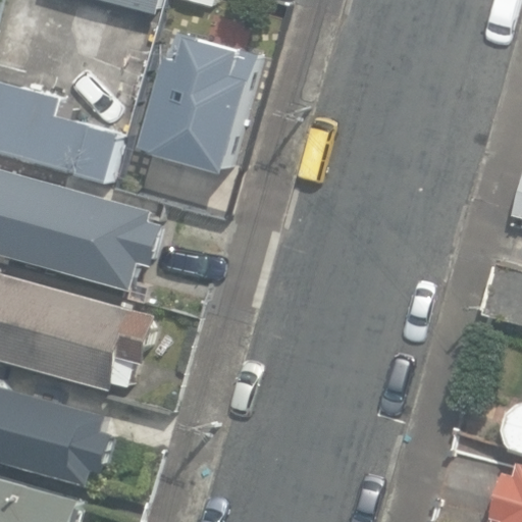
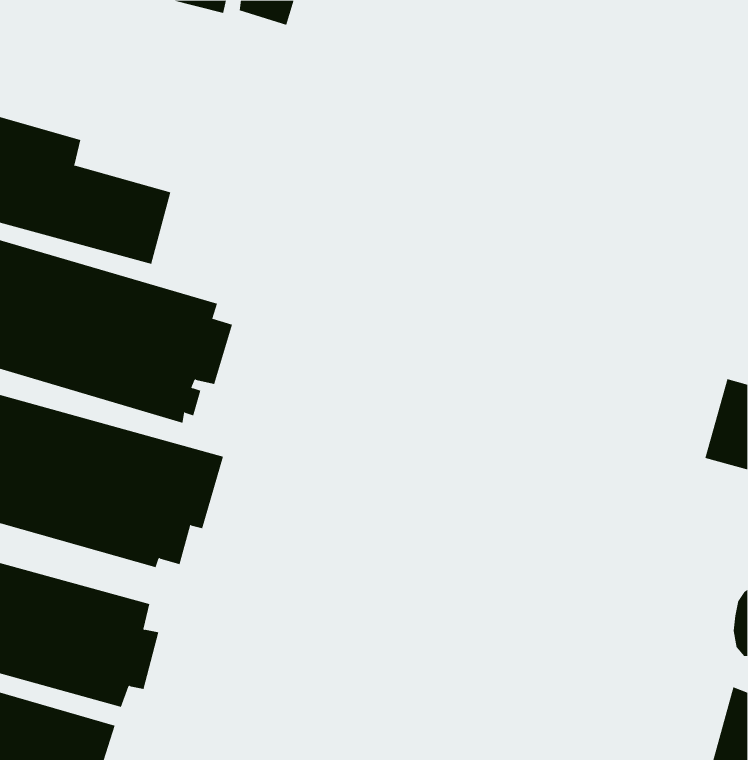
building: [138,31,257,171] -> none

